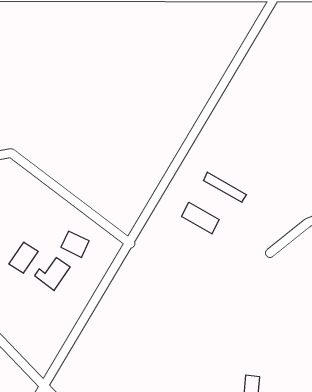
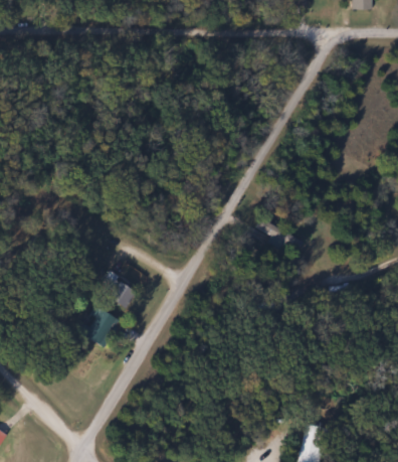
building: [182,202,219,234] -> none
building: [9,242,38,273] -> none

